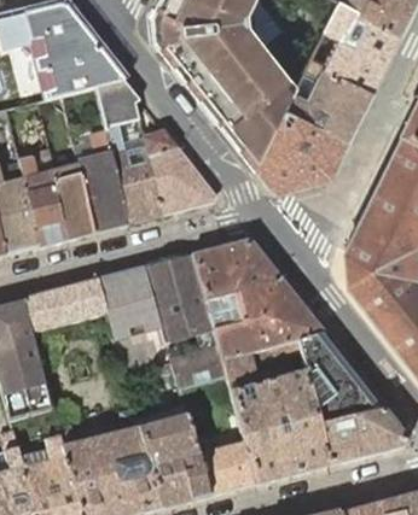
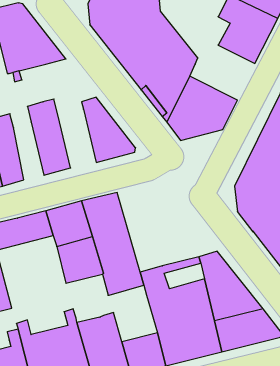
building: [288,55,373,134] -> none
building: [98,80,164,223] -> none
building: [56,163,95,239] -> none
building: [192,241,324,361] -> none

